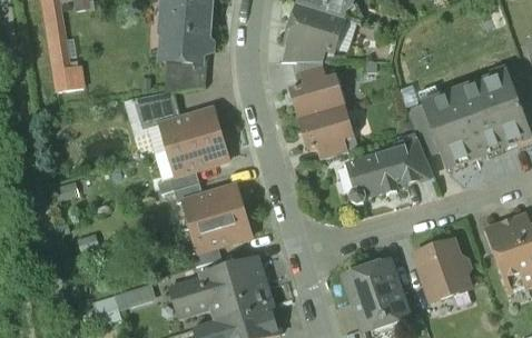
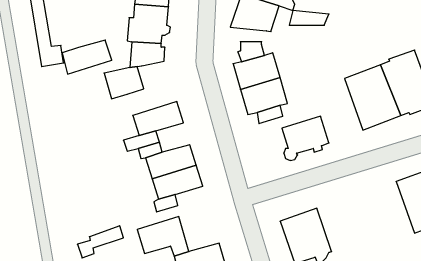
building: [280,42,328,60] -> [289,10,329,25]
building: [160,108,220,149] -> [62,40,112,74]
building: [394,137,433,182] -> none
building: [415,240,470,300] -> none
building: [223,261,272,314] -> none

